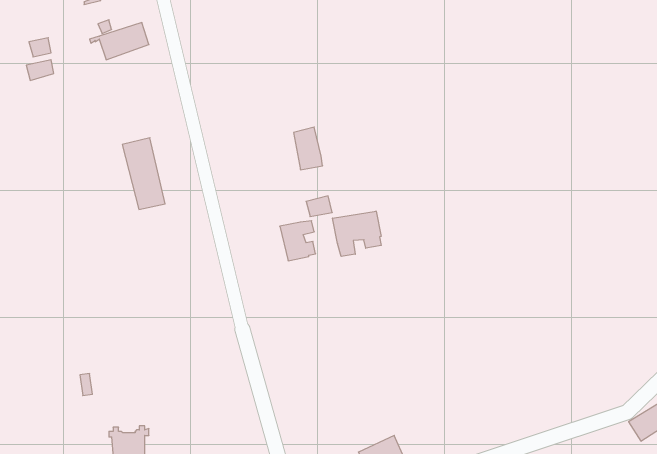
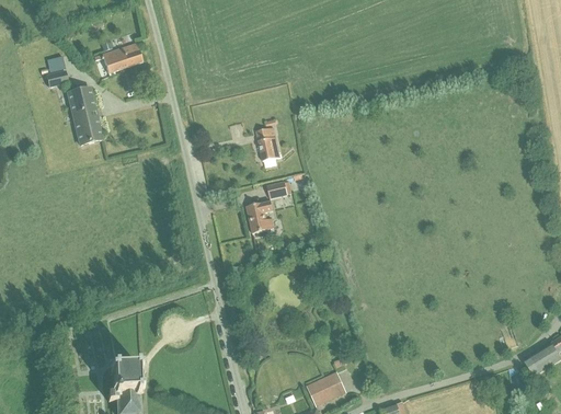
building: [122,138,165,209] -> [67,88,101,145]
building: [333,211,381,256] -> none

